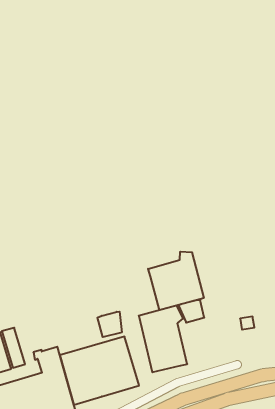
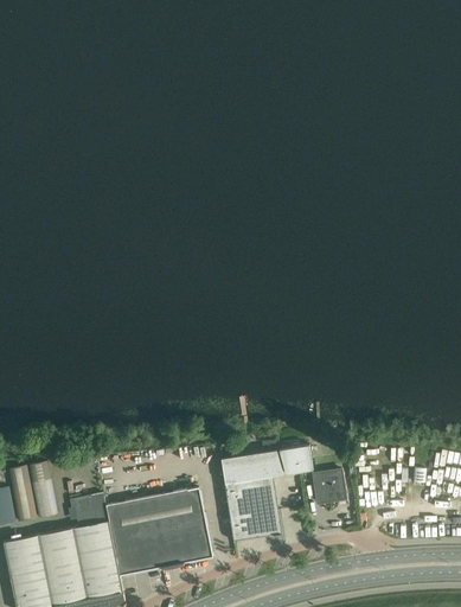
building: [148,252,204,310] -> none
building: [97,312,122,337] -> none
building: none -> [312,469,345,503]

